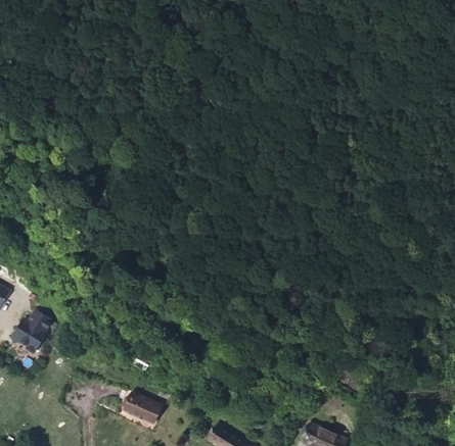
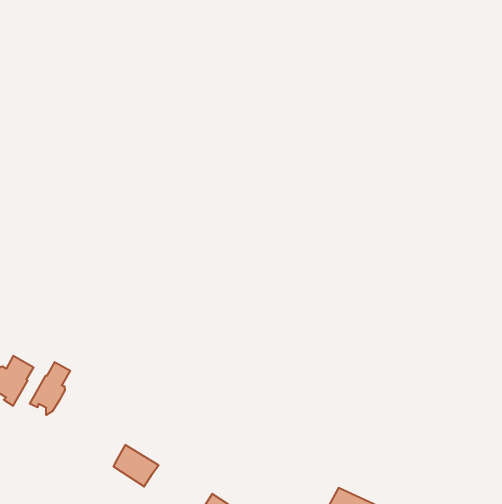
building: none -> [30,362,70,415]

